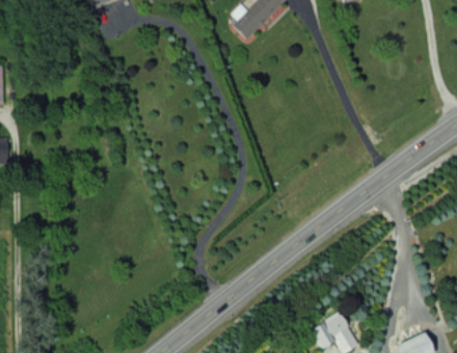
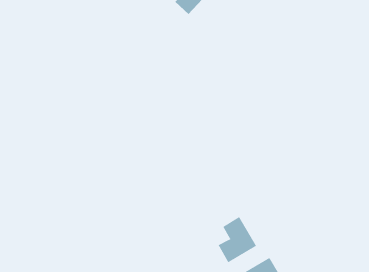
building: none -> [218,216,257,263]

